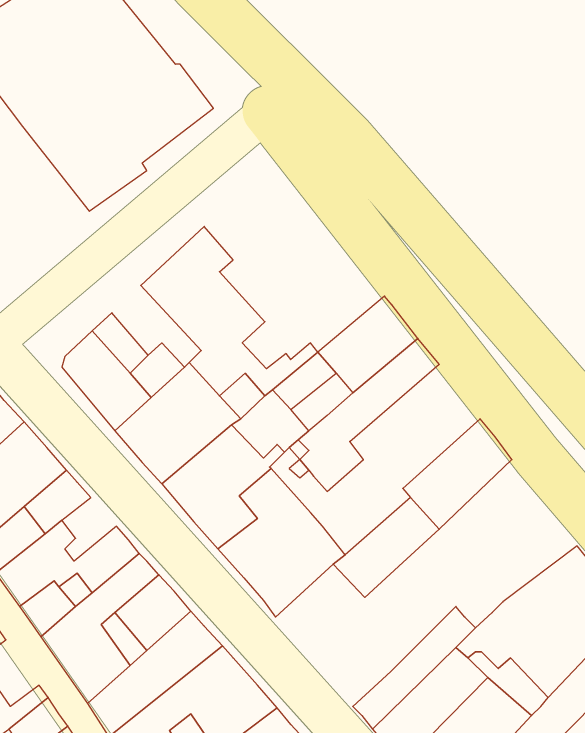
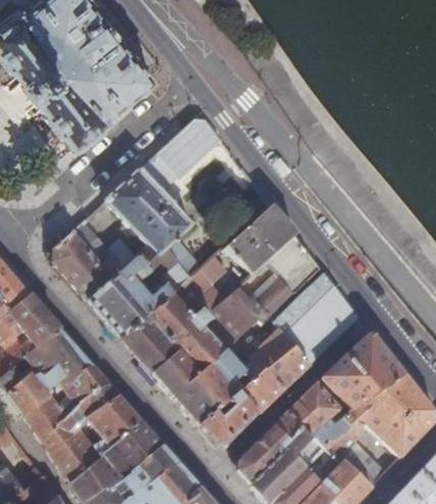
building: none -> [150,121,222,183]
building: none -> [230,271,336,382]
building: none -> [321,337,401,414]
building: none -> [54,343,91,386]
building: none -> [239,387,337,485]
building: none -> [198,388,258,444]

